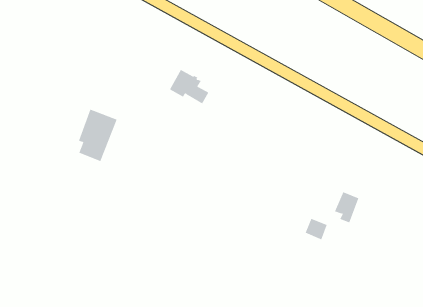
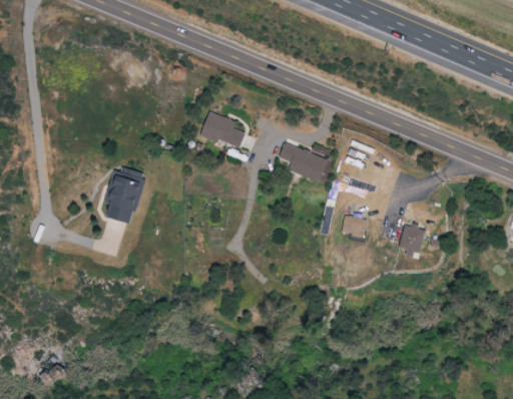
building: none -> [279,142,329,182]
building: [305,218,327,240] -> [342,215,366,238]

